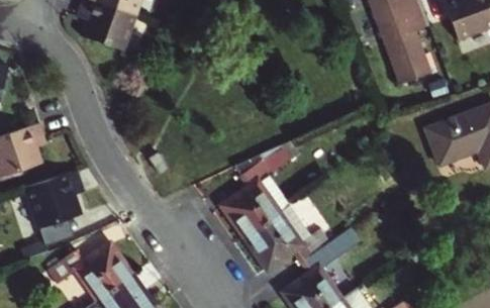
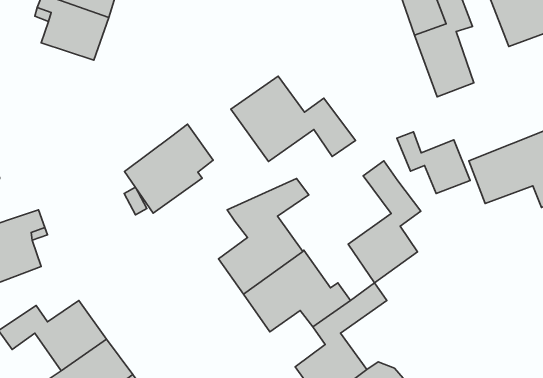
building: none -> [231,76,356,162]
building: none -> [125,124,213,213]
building: none -> [397,132,470,194]
building: none -> [348,161,421,283]

